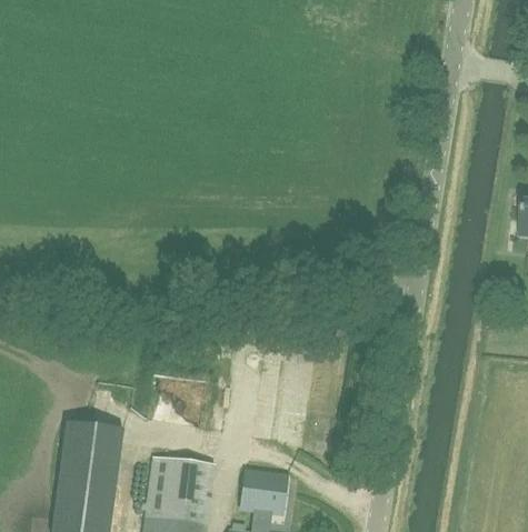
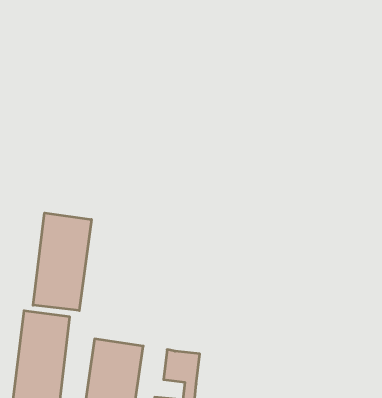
building: none -> [33,213,91,311]

